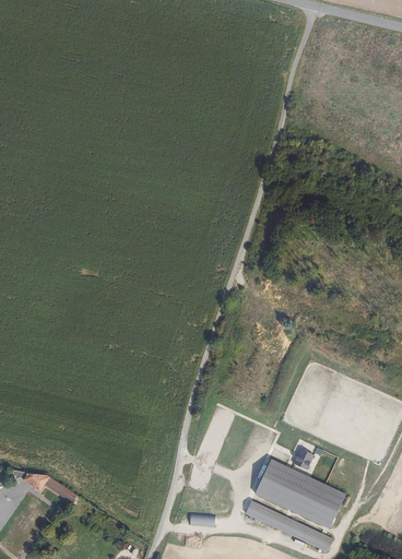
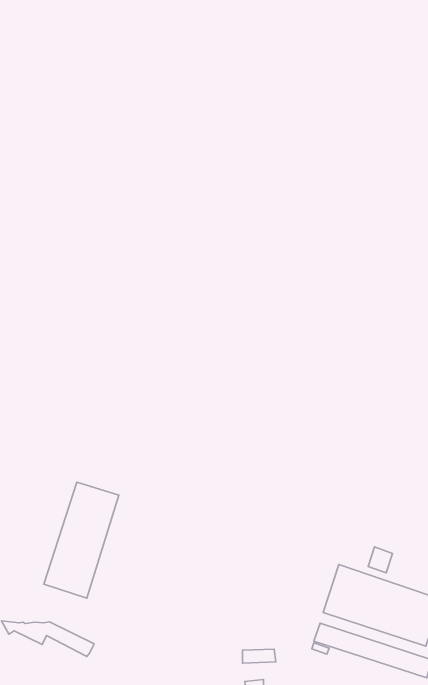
building: none -> [44,482,119,598]

